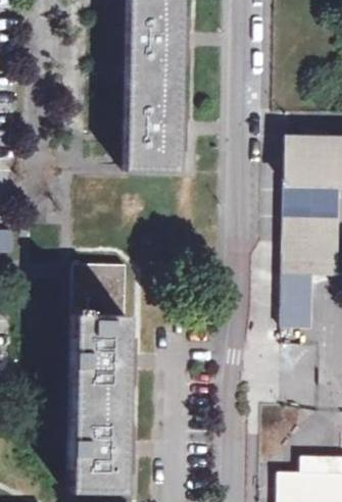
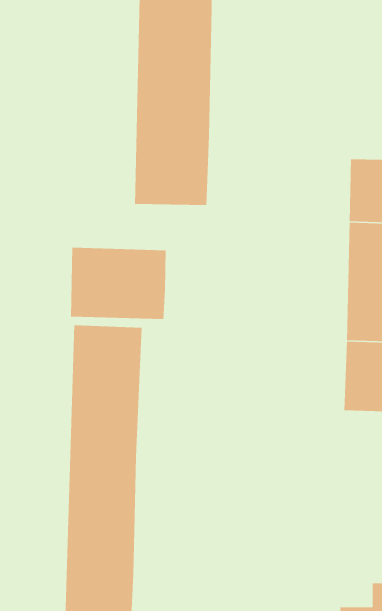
building: none -> [70,247,167,320]

